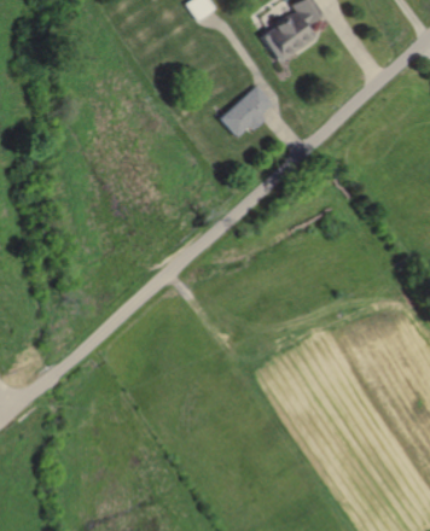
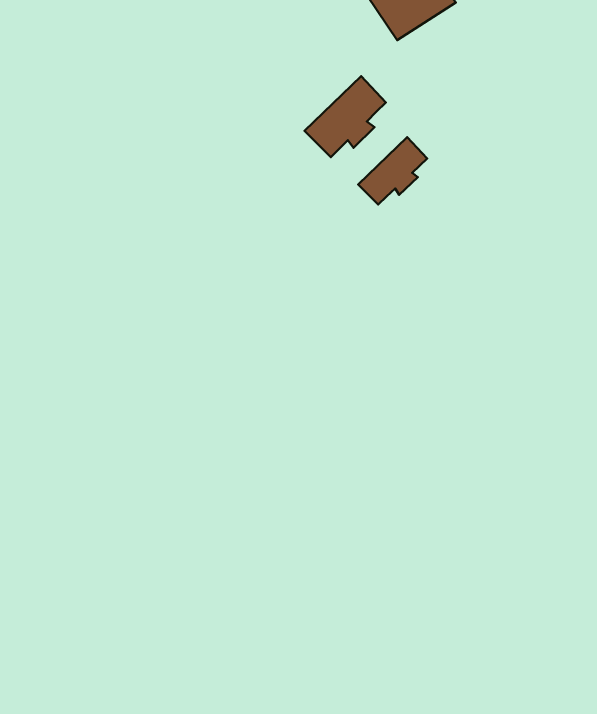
building: none -> [358,137,427,204]

